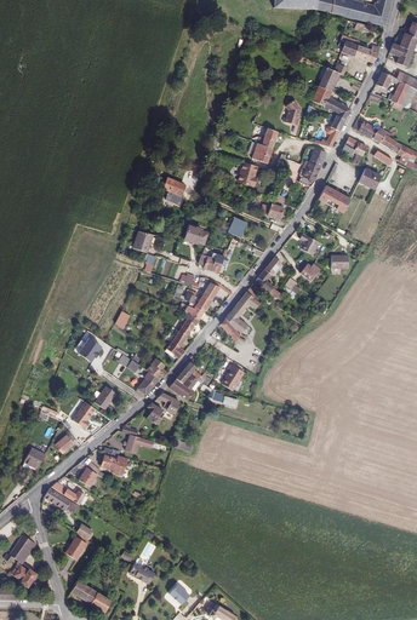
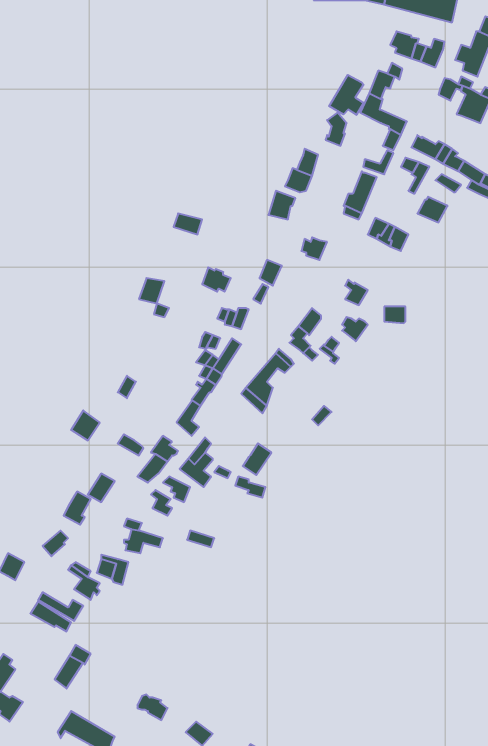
building: none -> [329,75,364,115]

